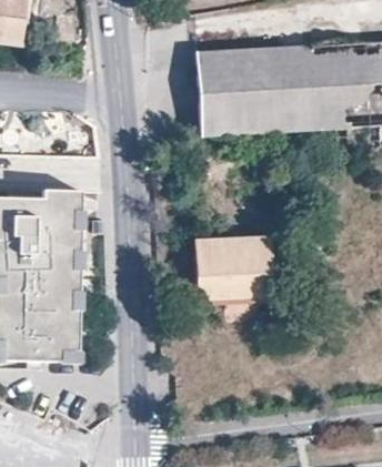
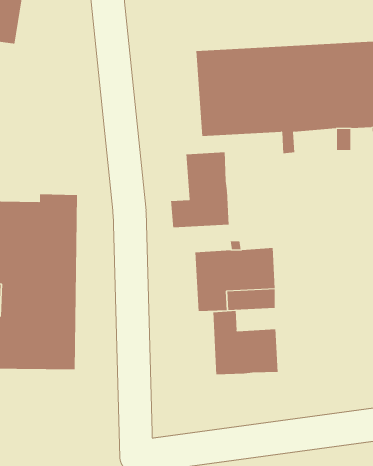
building: none -> [171,151,229,228]
building: none -> [213,310,278,375]

